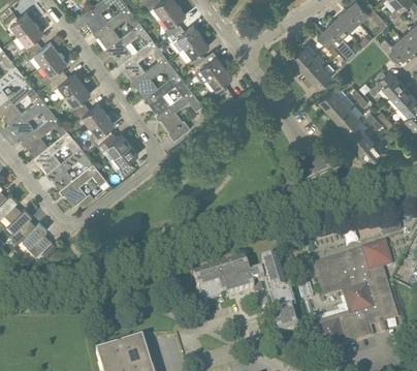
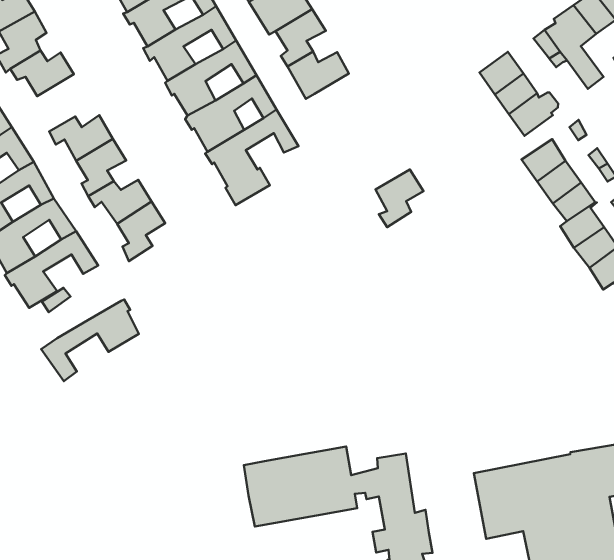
building: [208,67,233,98] -> [375,170,423,227]
building: [66,84,91,115] -> none
building: none -> [41,299,139,381]

